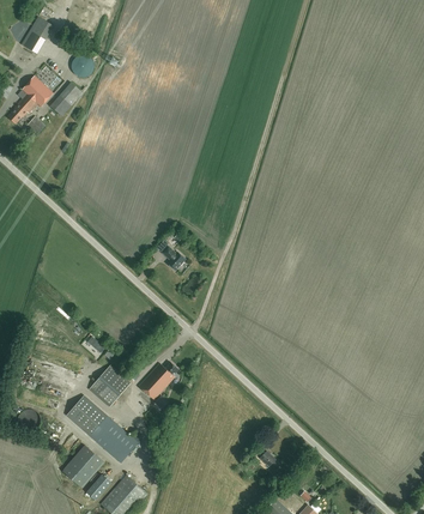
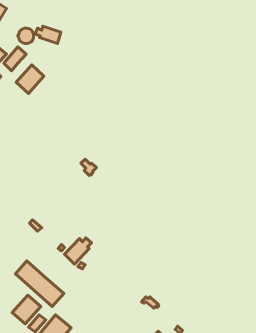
building: none -> [35,26,61,44]
building: none -> [16,65,44,93]
building: [87,364,129,406] -> none

